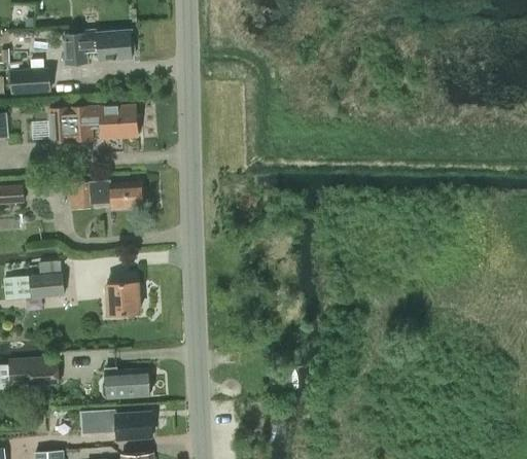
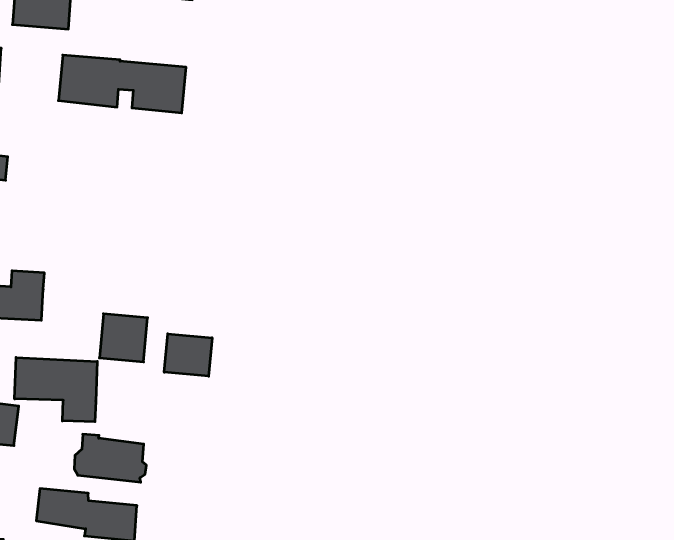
building: [75,180,143,209] -> none
building: none -> [164,334,212,376]
building: none -> [15,357,97,422]

